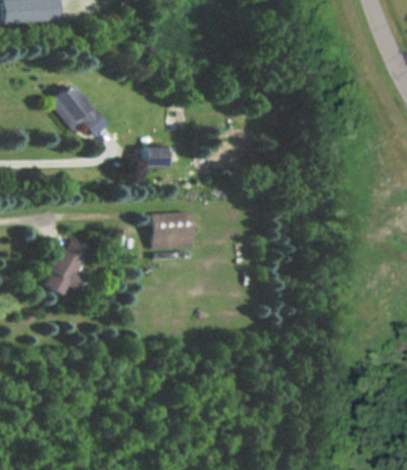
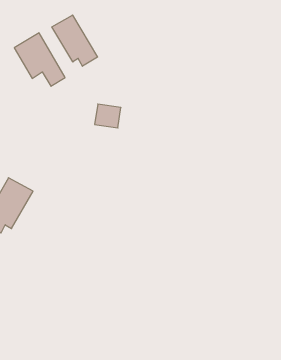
building: none -> [52,15,98,66]
building: [151,213,193,249] -> none

